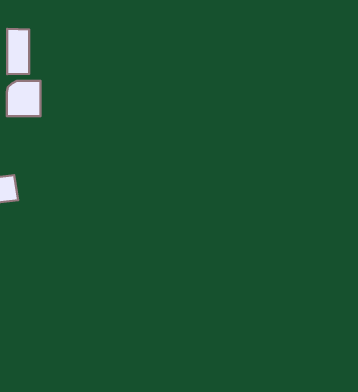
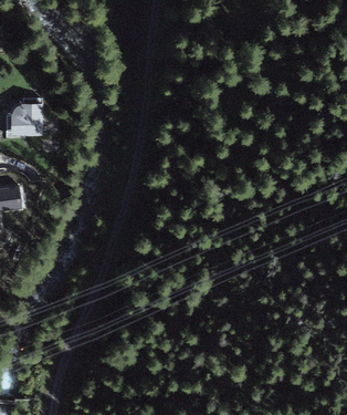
building: [7,29,29,74] -> none

